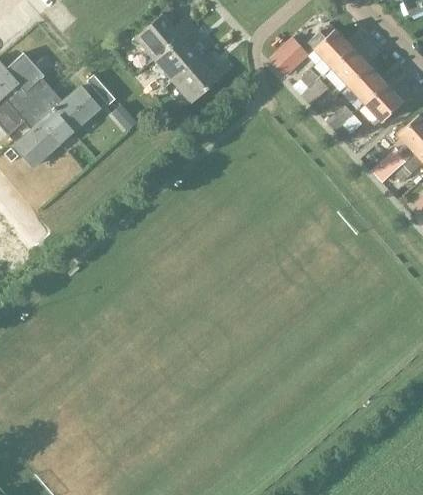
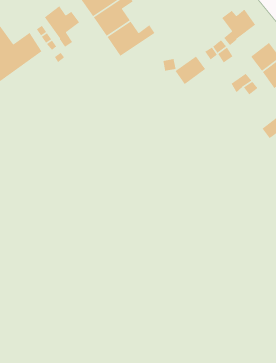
building: [269,38,307,75] -> [174,56,206,85]
building: [330,47,369,86] -> none
building: none -> [44,5,80,48]

